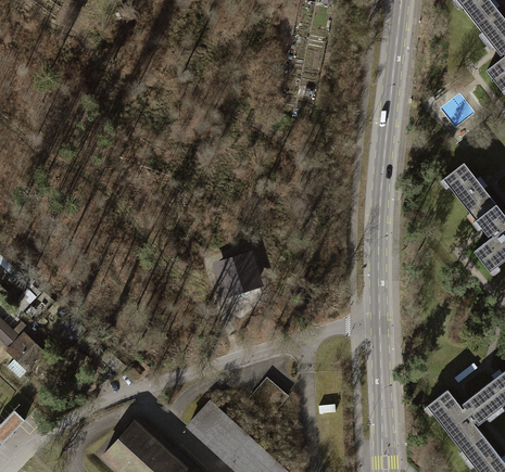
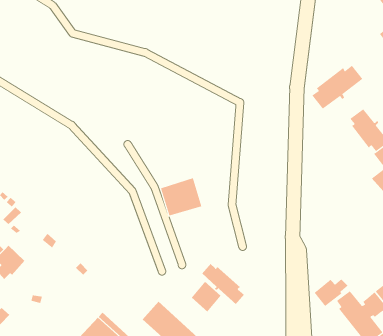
building: none -> [311,65,363,110]
building: none -> [201,263,245,305]
building: none -> [314,279,348,307]

